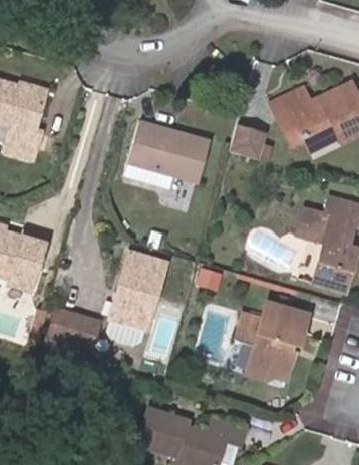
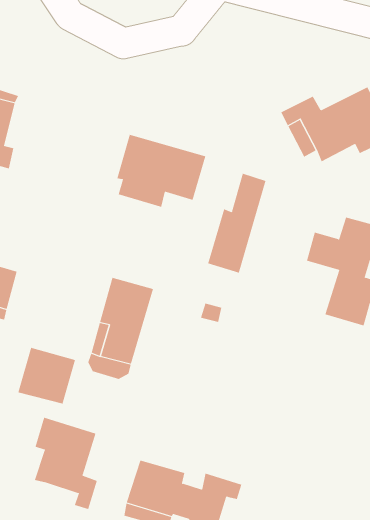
building: [231,125,268,160] -> none
building: none -> [207,173,266,274]
building: [240,302,308,378] -> none
building: none -> [34,417,98,510]

